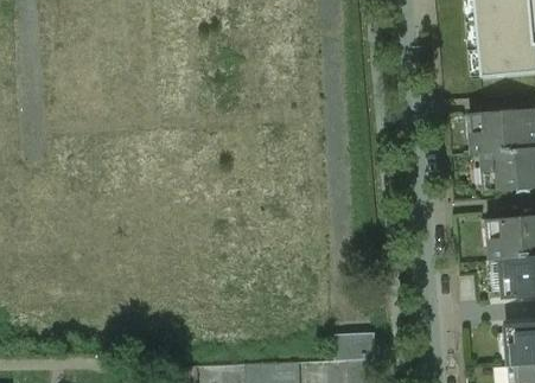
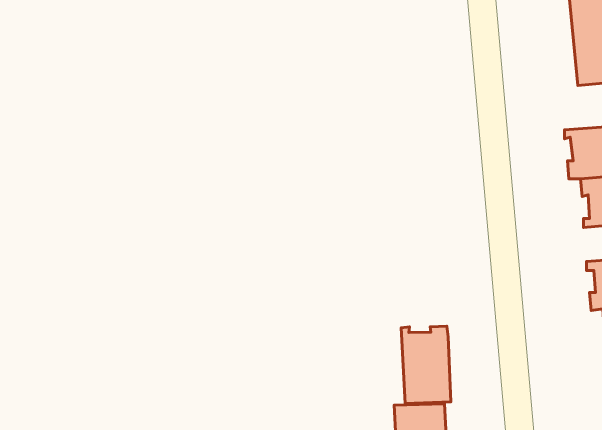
building: none -> [401,326,451,403]

